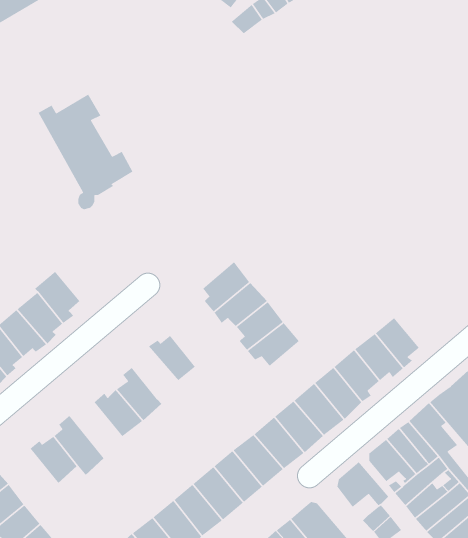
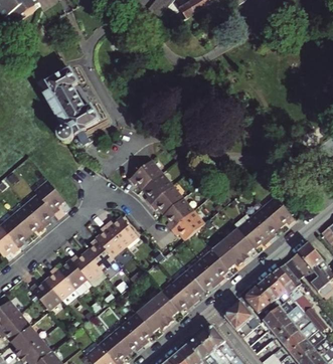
building: none -> [127,161,161,191]
building: none -> [262,197,294,228]
building: none -> [97,227,126,260]
building: none -> [57,262,93,298]

